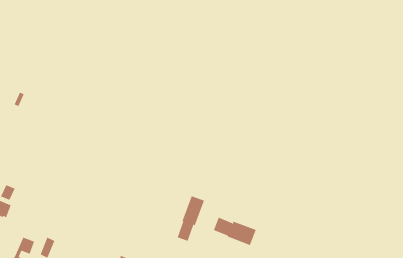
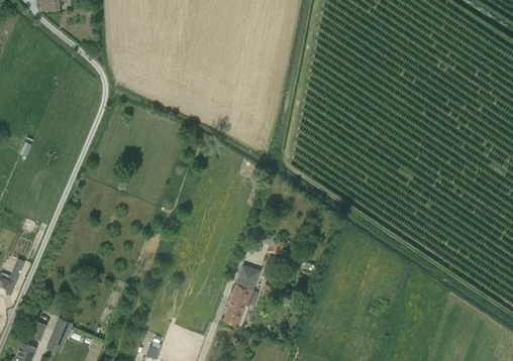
building: [213,217,257,246] -> none

